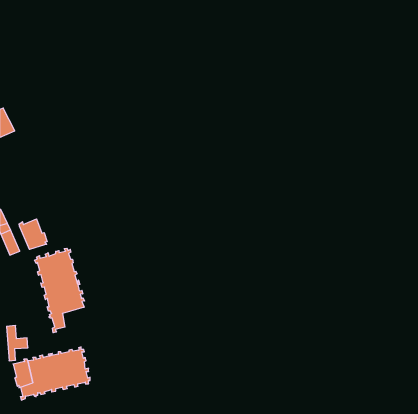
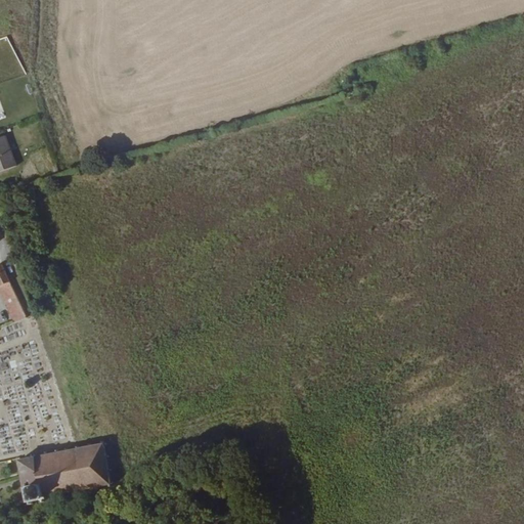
building: [19,219,47,249] -> none
building: [35,248,85,333] -> none

